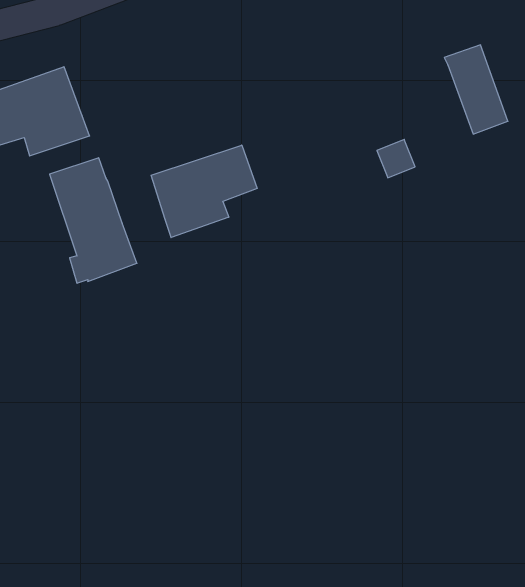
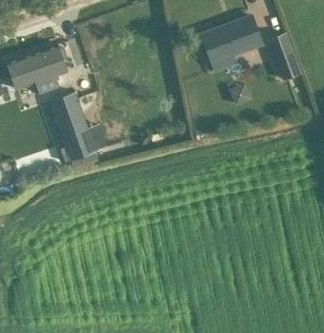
building: none -> [202,15,263,70]
building: [151,145,257,238] -> none

